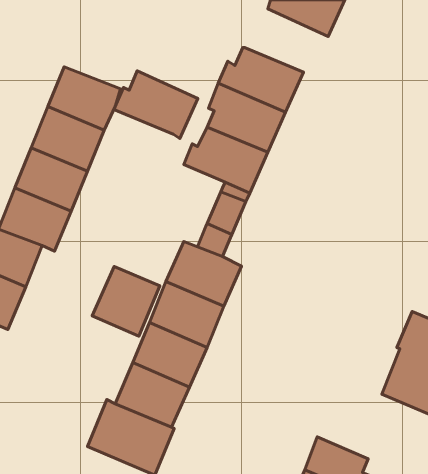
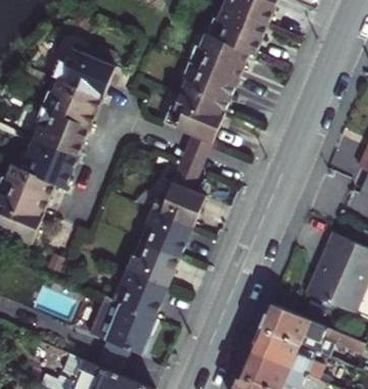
building: [114,71,198,138] -> [206,7,269,57]
building: [92,267,160,336] -> none
building: none -> [261,303,338,349]

